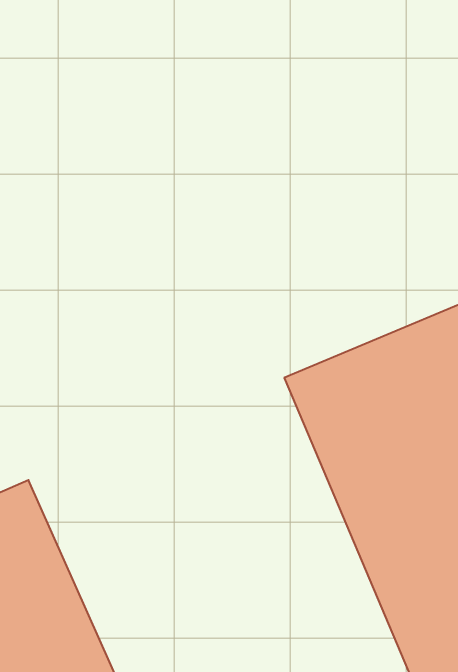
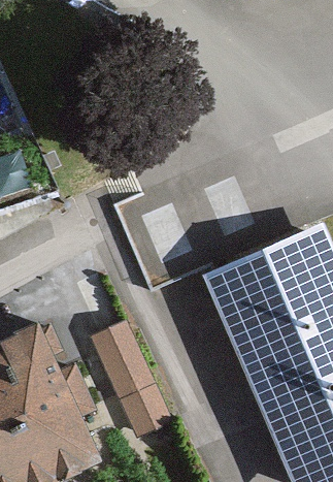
building: none -> [87,312,169,428]

